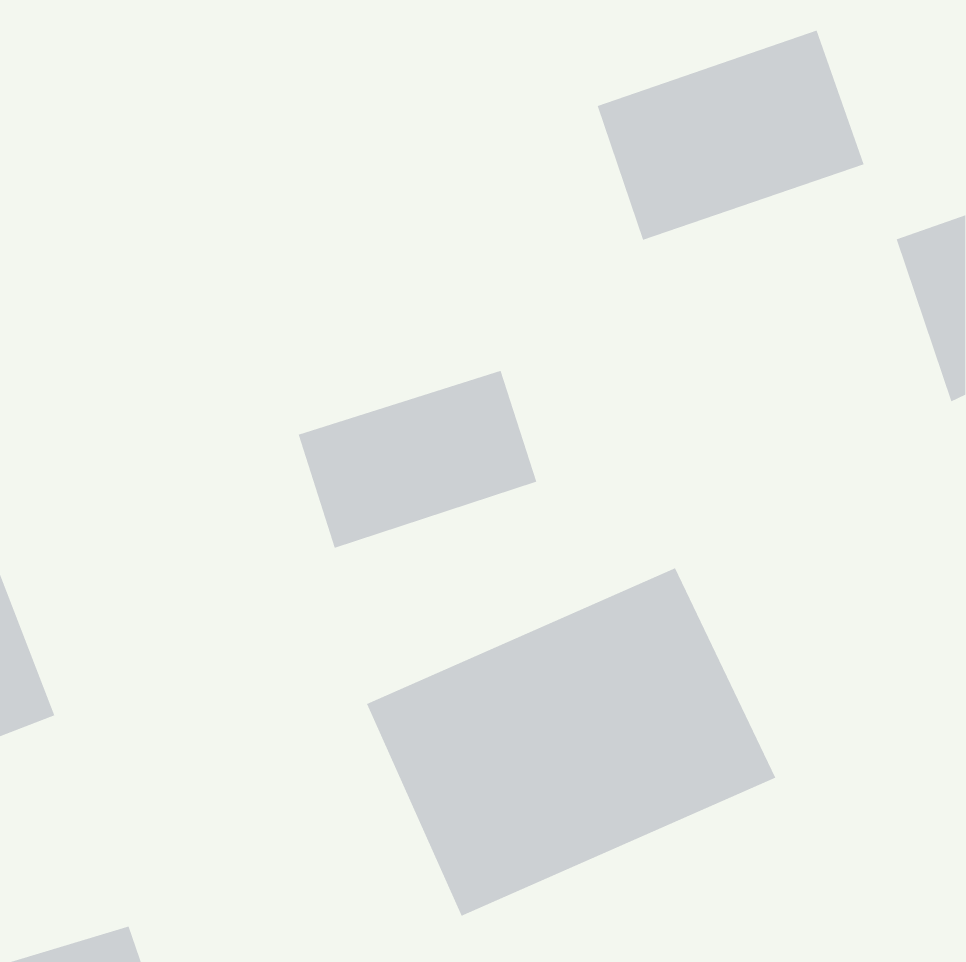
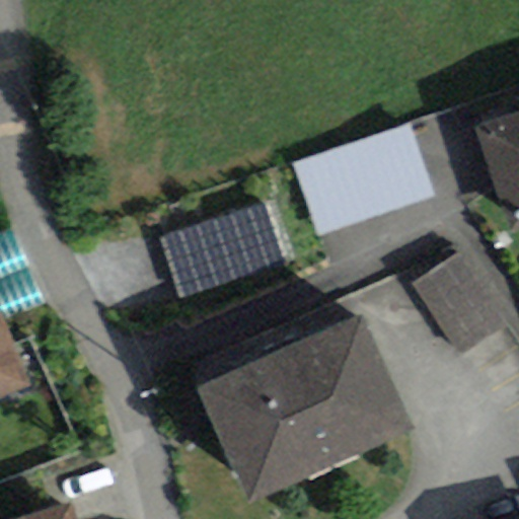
building: [597,30,865,240] -> [291,125,434,237]
building: none -> [407,253,506,357]

